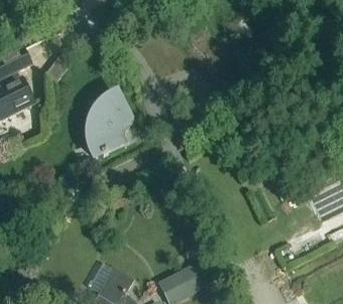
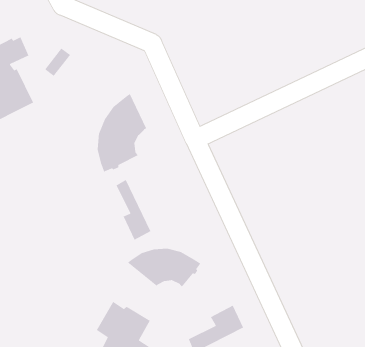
building: none -> [116,179,151,241]
building: none -> [127,248,202,287]

